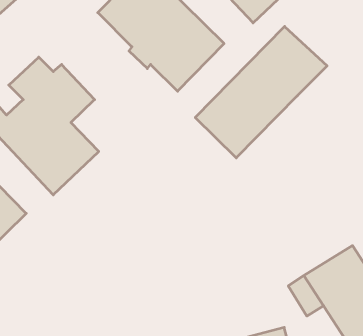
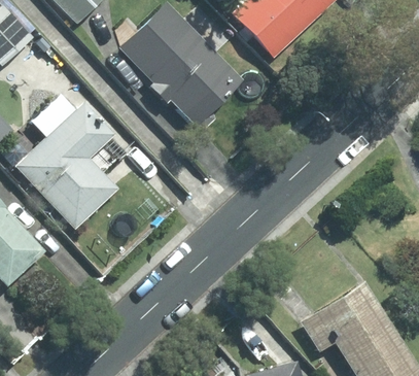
building: [195,26,327,158] -> none

